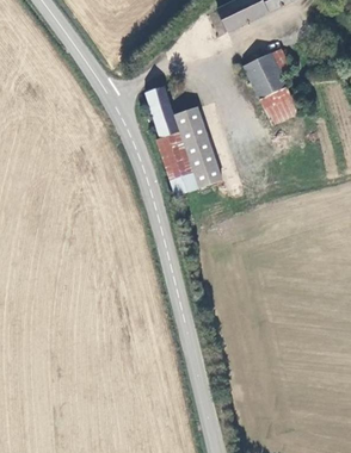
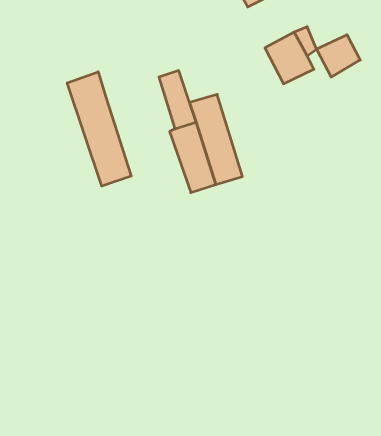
building: [259,86,298,124] -> [317,35,360,77]
building: none -> [67,72,131,186]

